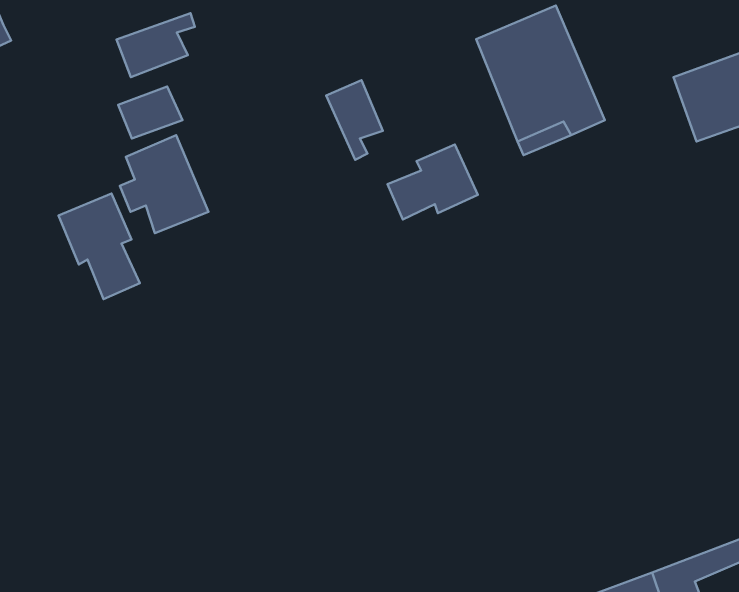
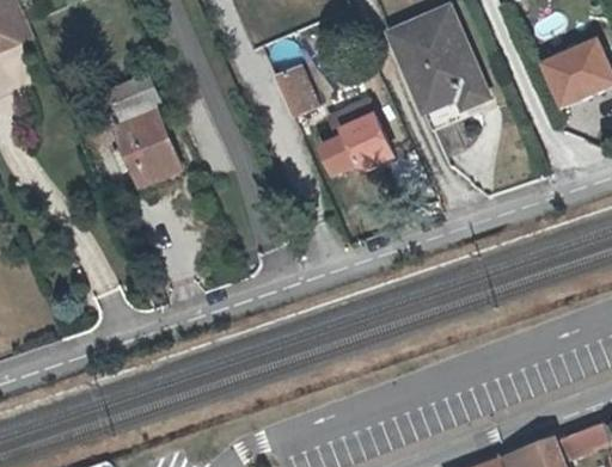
building: [117,13,195,77] -> none
building: [59,193,140,299] -> none

